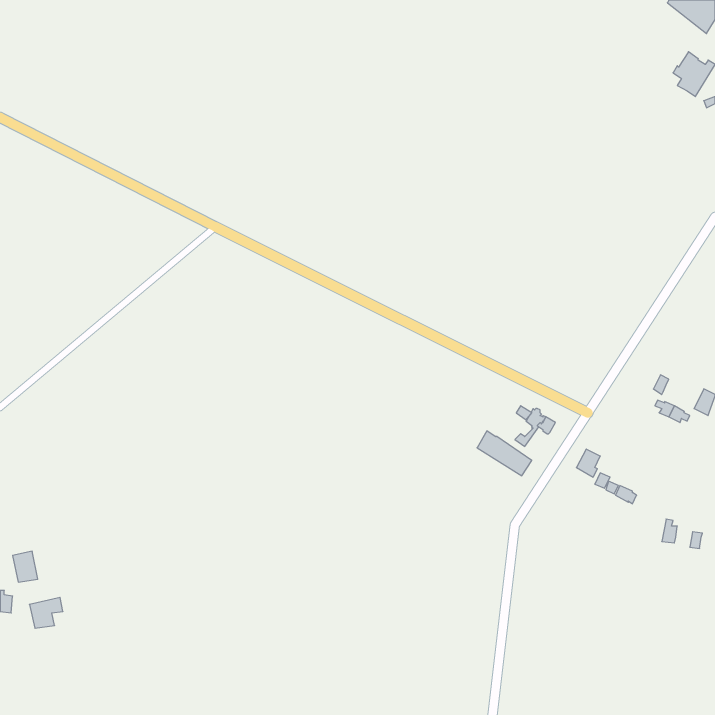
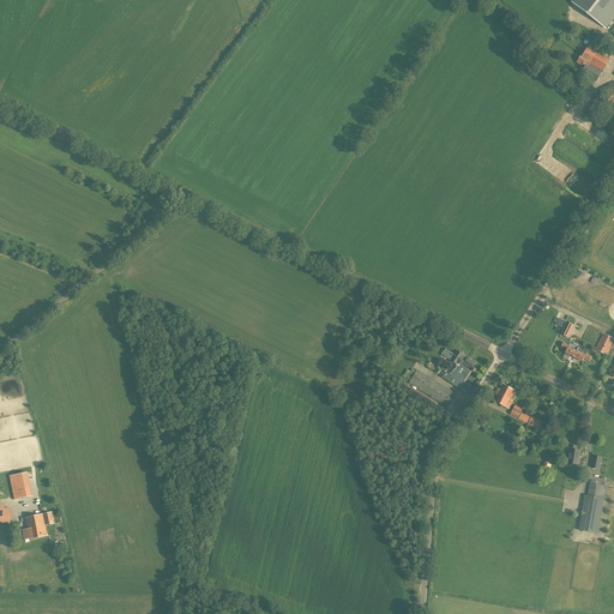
building: none -> [578,480,608,534]

